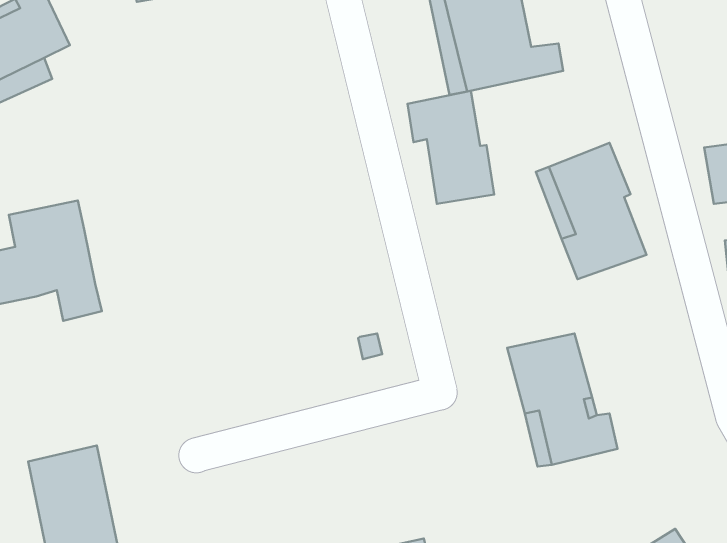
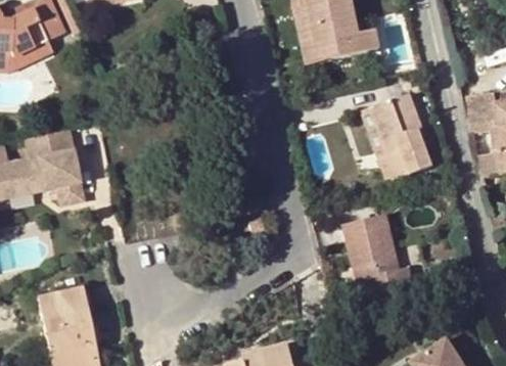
building: [407,91,494,204] -> none

